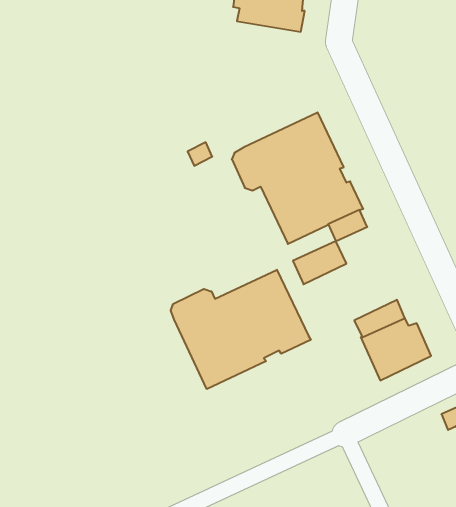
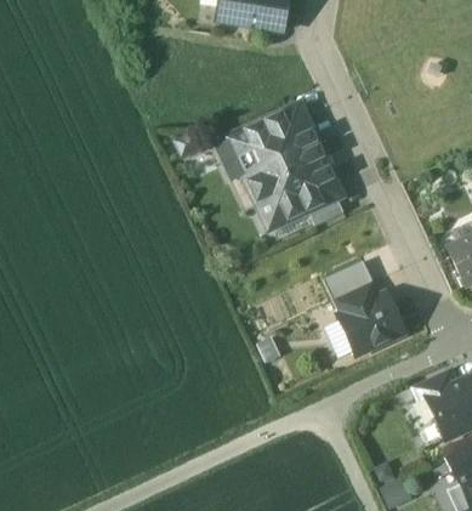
building: [293,241,346,284] -> [324,260,374,300]
building: [171,270,311,389] -> none

